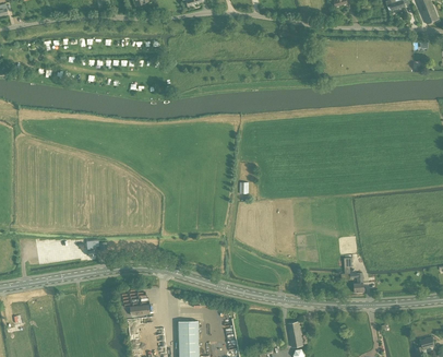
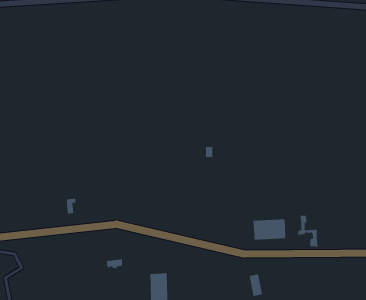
building: none -> [253,218,286,241]

